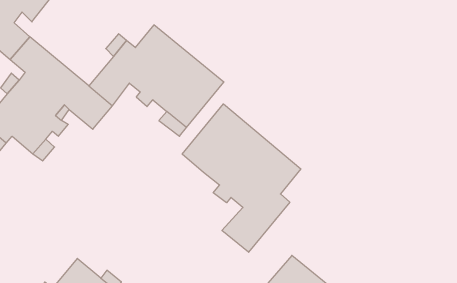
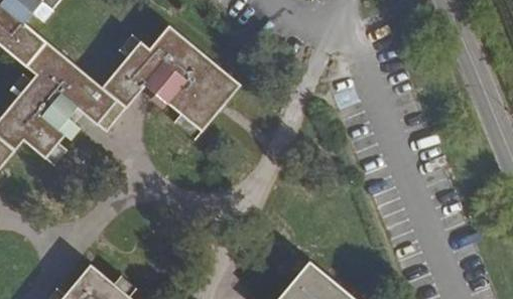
building: [182,104,301,252] -> none

